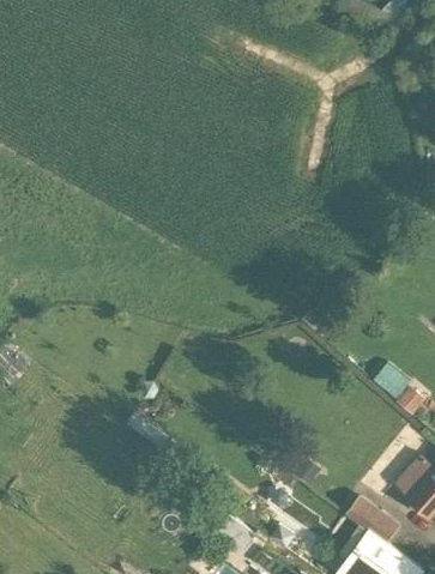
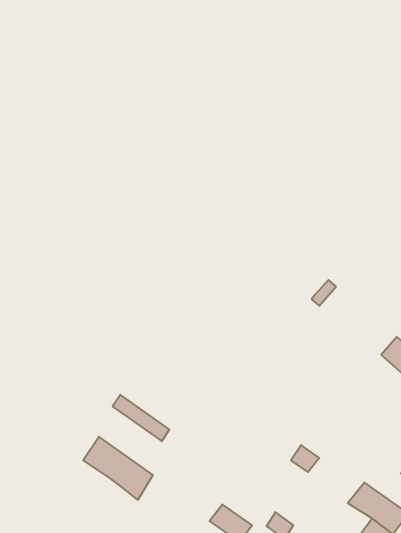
building: none -> [83,437,153,500]

